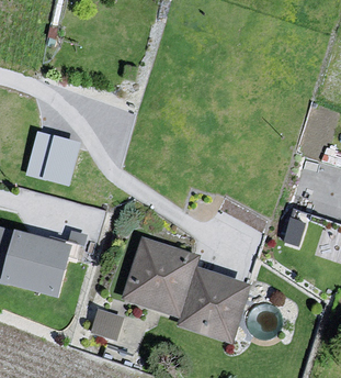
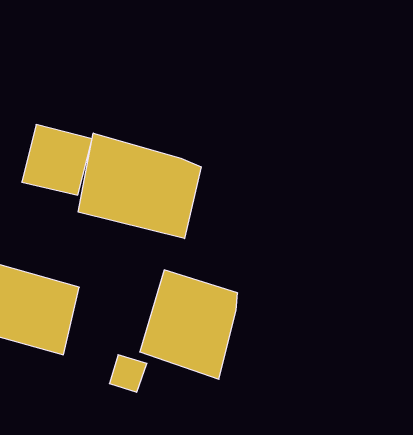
building: none -> [78,133,201,239]
building: [179,266,248,344] -> none

